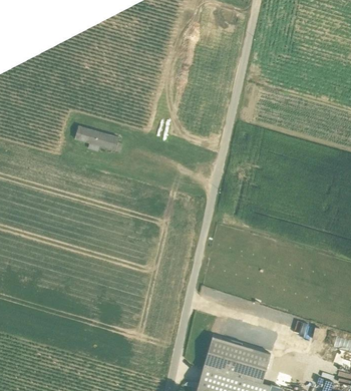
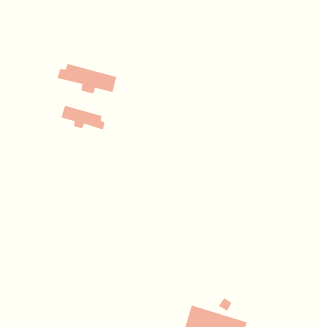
building: none -> [57,63,117,94]

